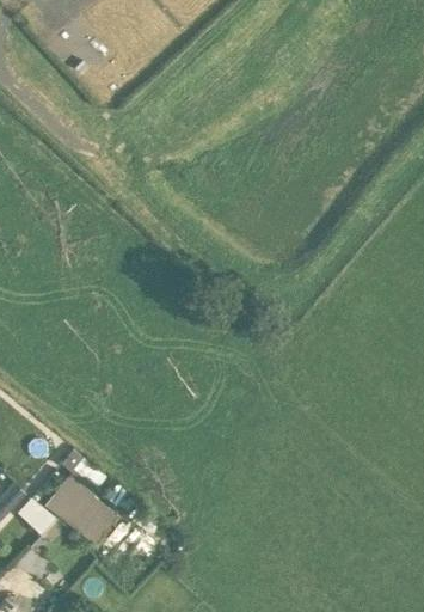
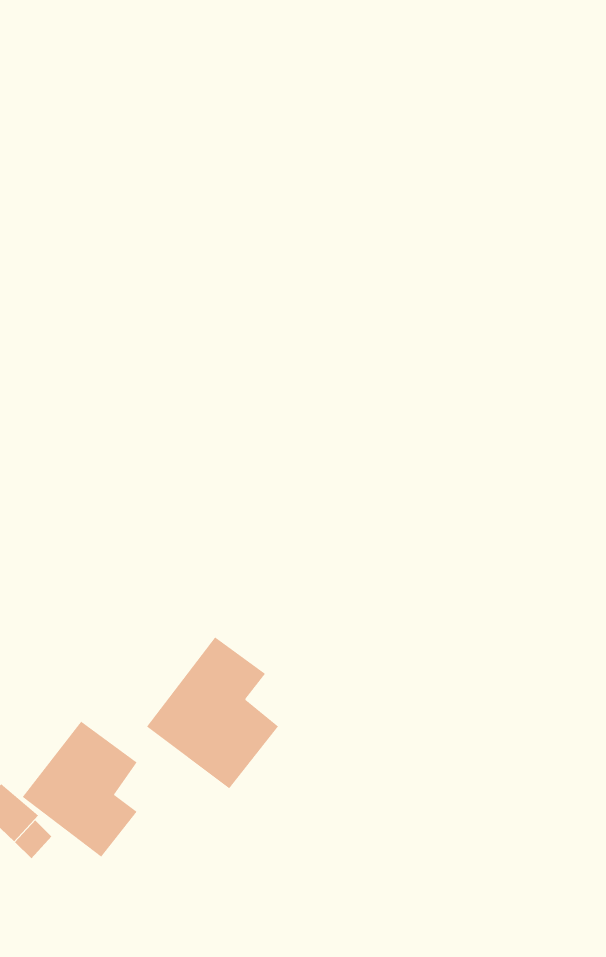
building: none -> [146,636,279,789]

